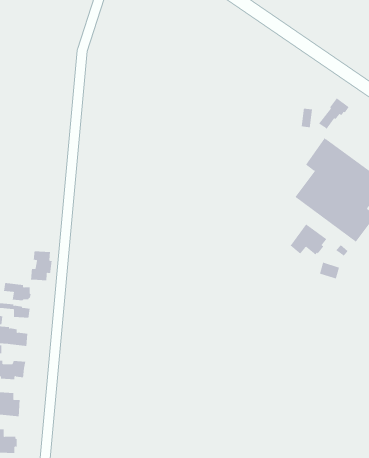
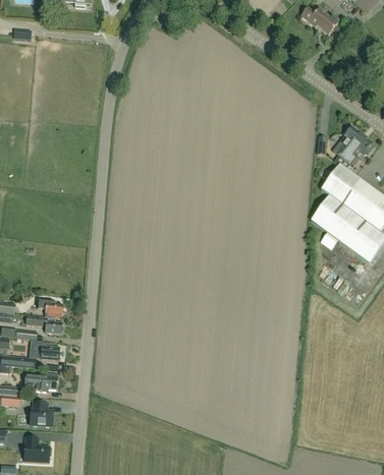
building: none -> [334,135,374,166]
building: [290,224,327,255] -> none
building: [30,250,52,281] -> none

